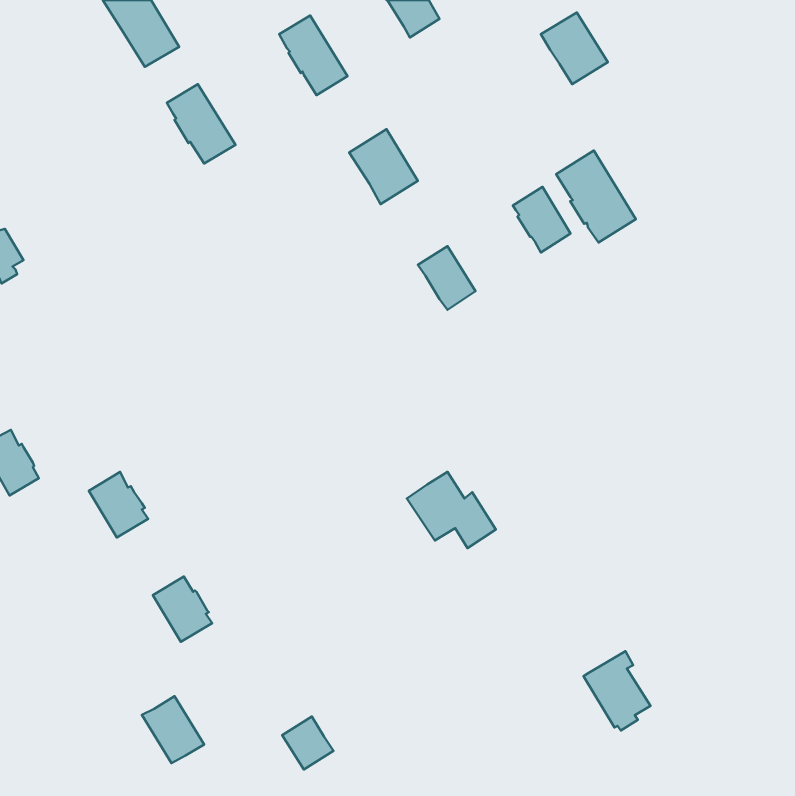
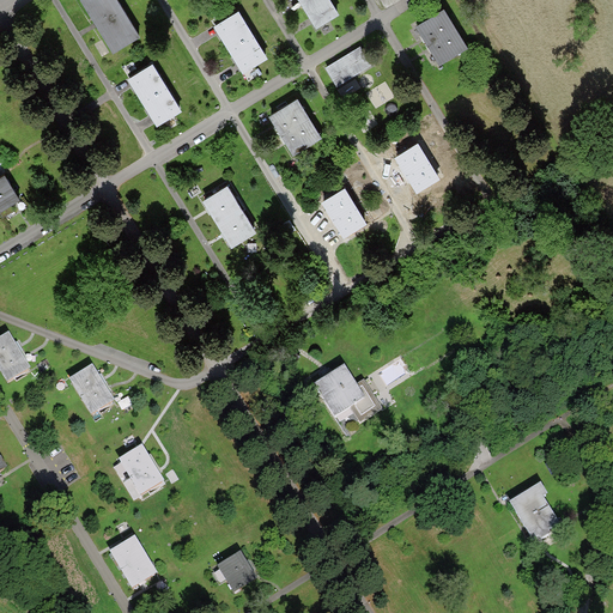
building: none -> [324,47,371,86]
building: [556,151,636,243] -> none
building: none -> [201,186,255,248]
building: [583,651,650,731] -> [508,481,559,542]

